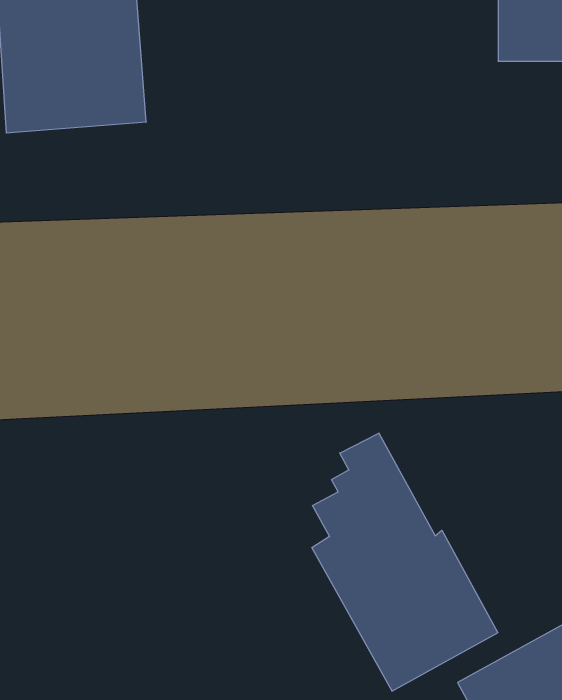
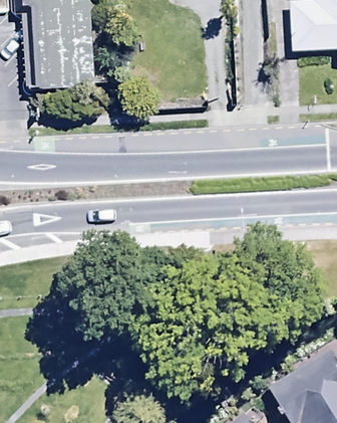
building: [312,433,498,691] -> none

